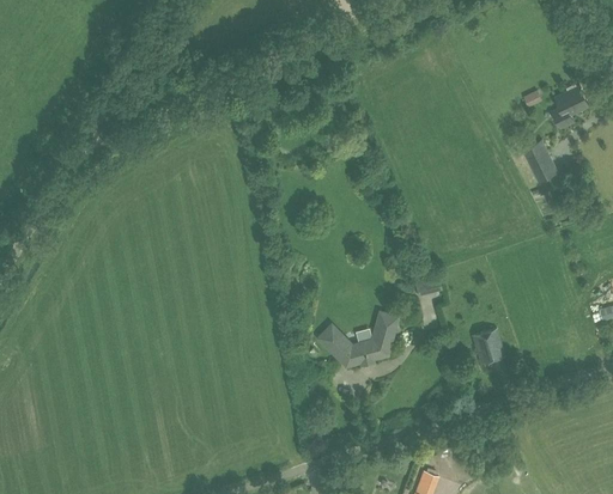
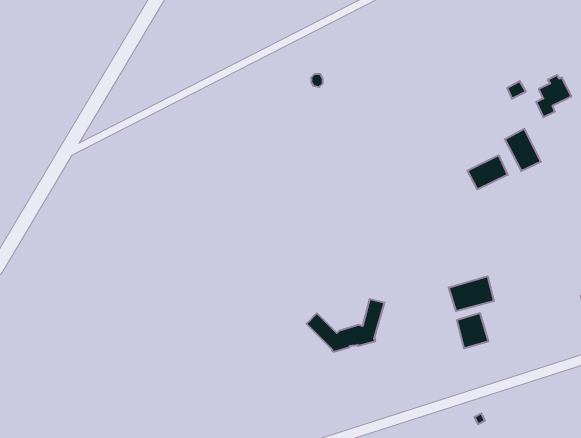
building: none -> [468,155,508,189]
building: none -> [449,276,494,311]

